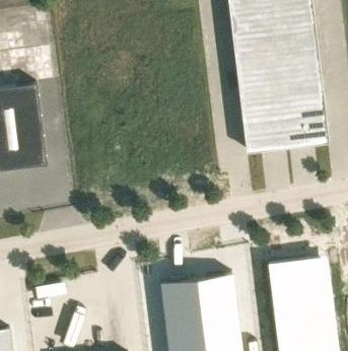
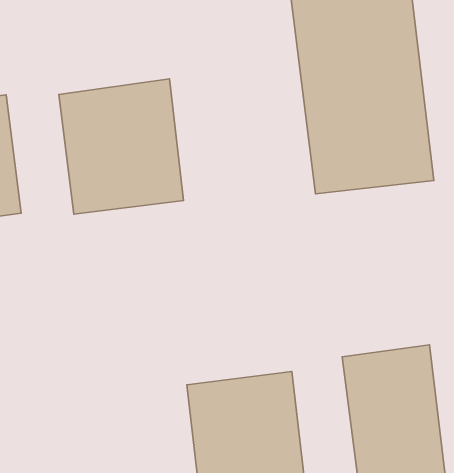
building: none -> [59,79,184,214]

